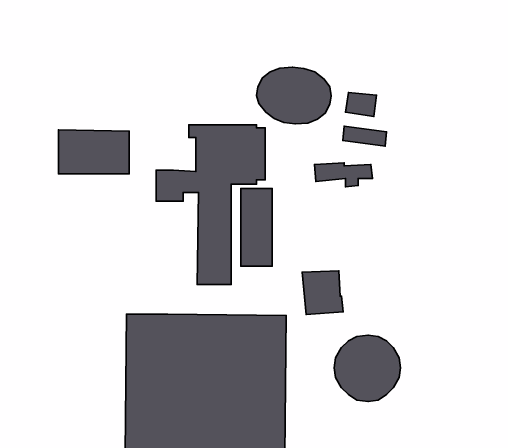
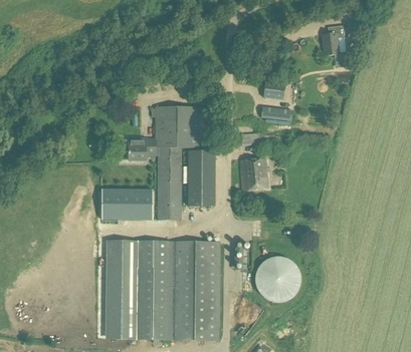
building: none -> [321,24,344,54]
building: [257,67,331,124] -> none
building: [59,130,129,174] -> [101,188,152,219]
building: [302,271,343,315] -> [239,158,268,190]

